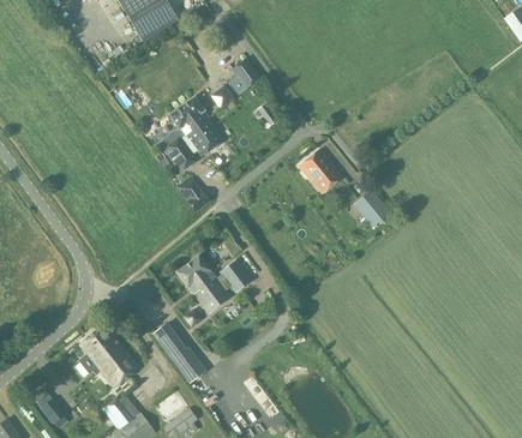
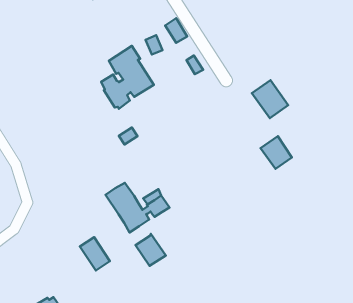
building: [299,148,342,192] -> [252,80,288,118]
building: [79,323,139,386] -> none
building: [172,344,208,382] -> [136,234,166,266]

